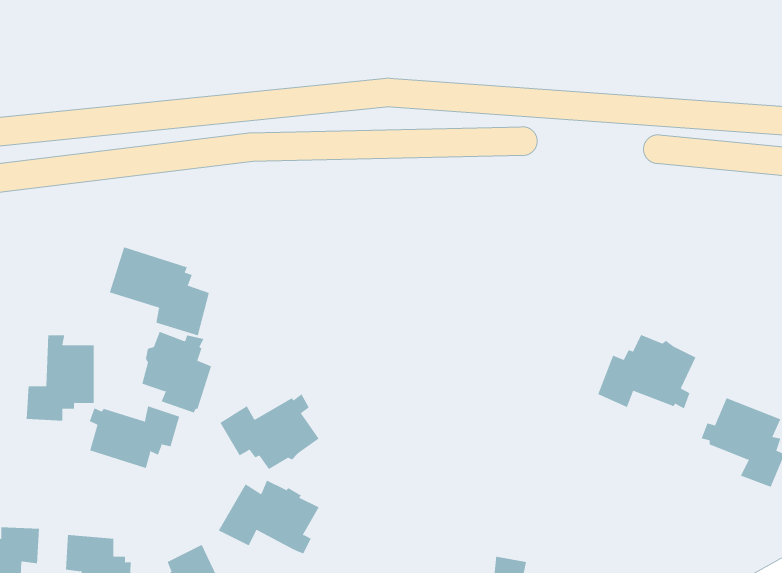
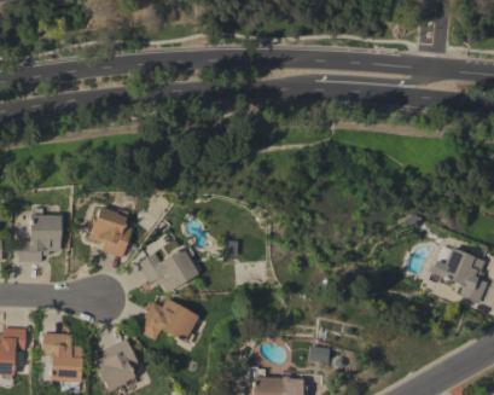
building: [109,246,209,336] -> none
building: [597,334,696,409] -> none
building: [89,406,180,469] -> none

